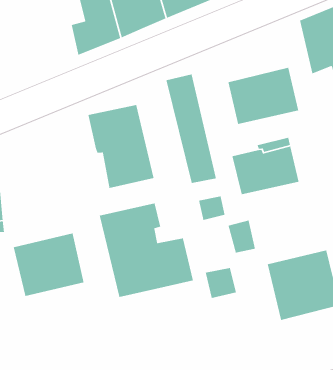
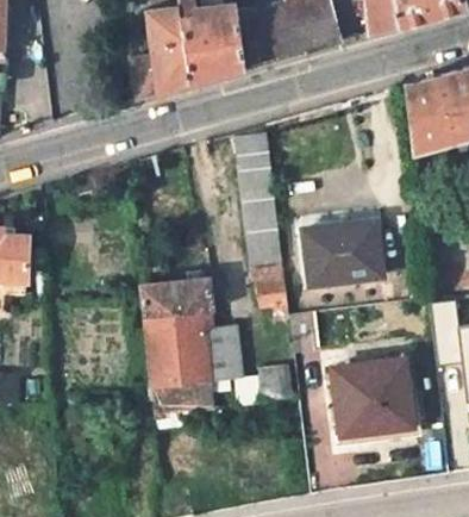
building: [227,67,299,125] -> none
building: [87,104,154,189] -> none
building: [13,233,85,297] -> none
building: none -> [152,380,213,426]

